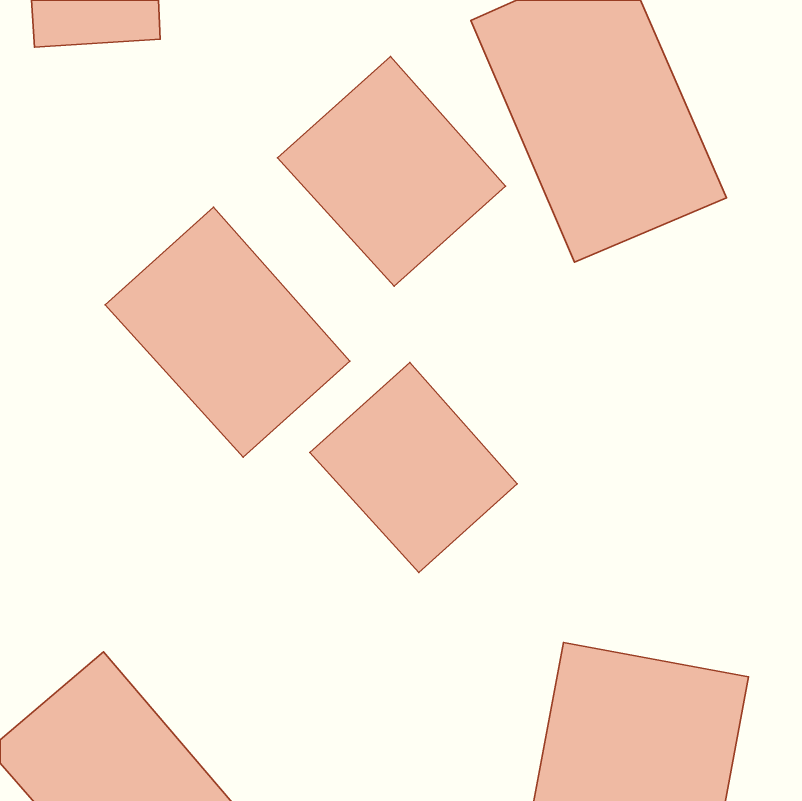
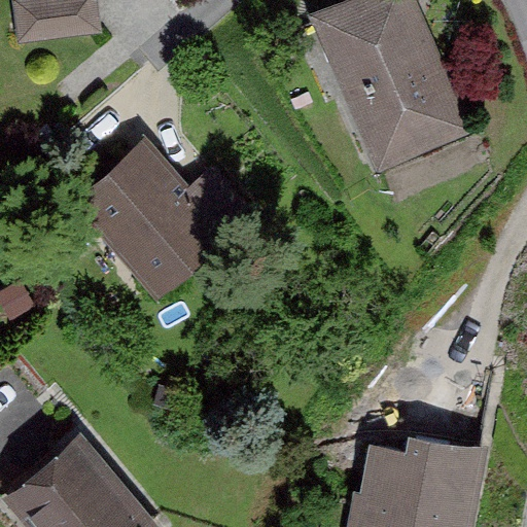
building: [277,56,505,286] -> none
building: [310,363,517,572] -> none

